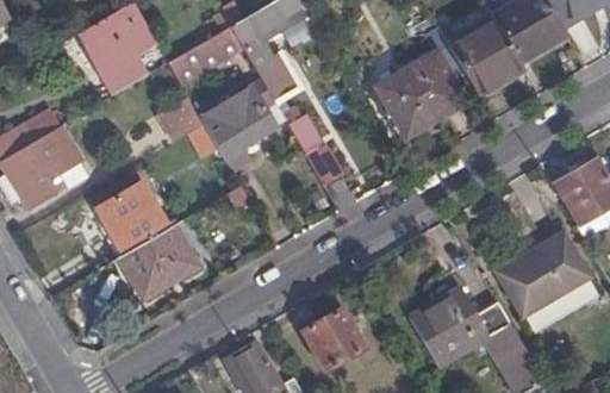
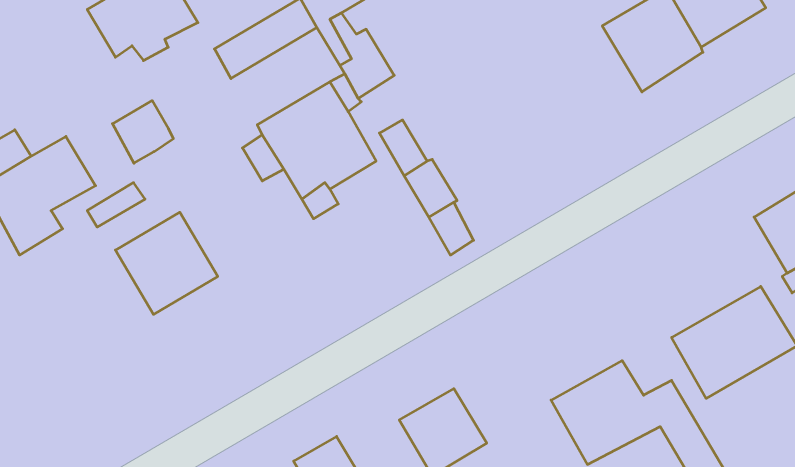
building: [379,54,462,133] -> none
building: [158,96,203,142] -> [112,101,173,163]
building: [120,226,194,298] -> none

